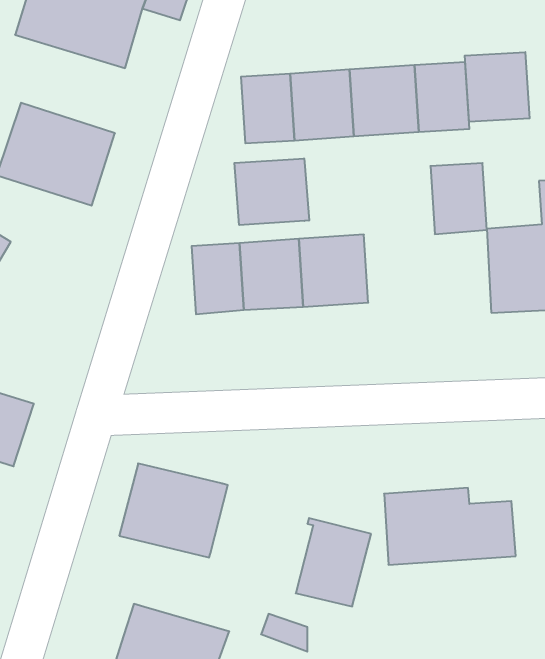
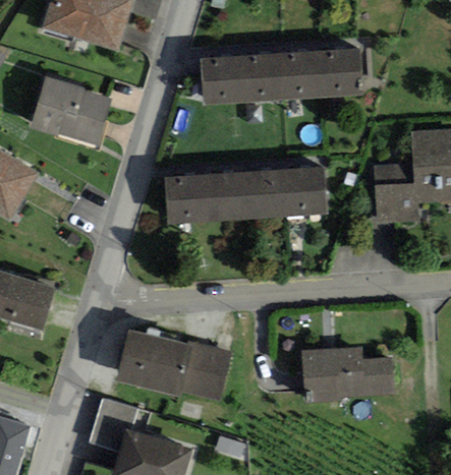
building: [465,52,530,122] -> none
building: [234,158,309,225] -> none
building: [430,163,487,234] -> [287,166,327,216]
building: [296,518,371,606] -> [179,339,232,401]
building: none -> [90,398,138,450]

